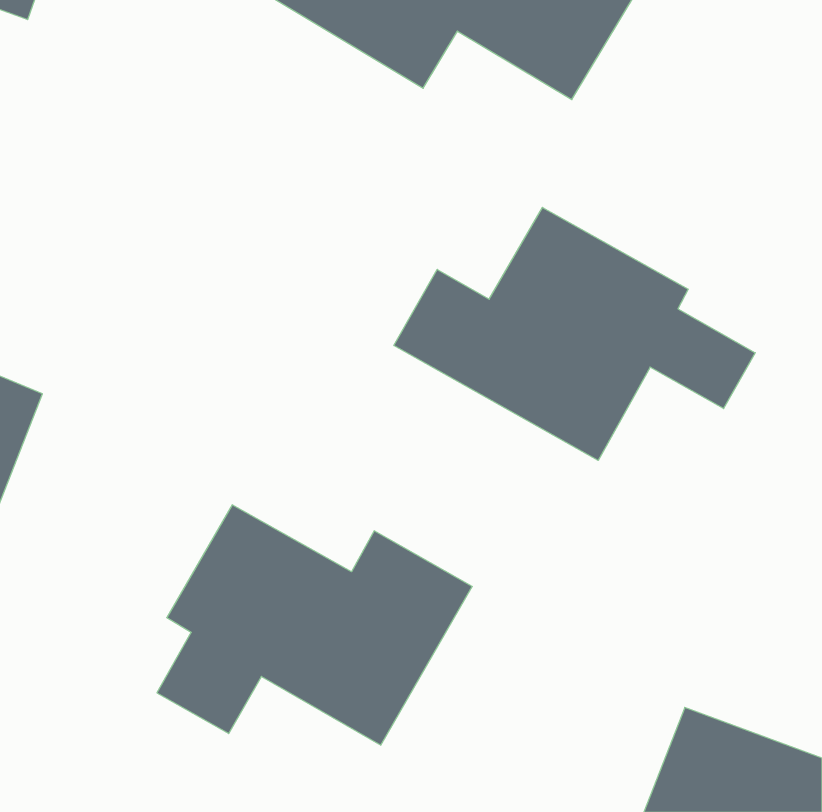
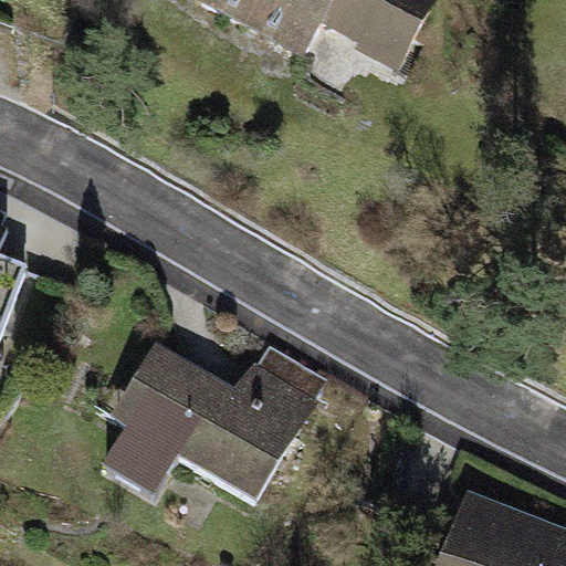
building: [394,207,755,460] -> none

